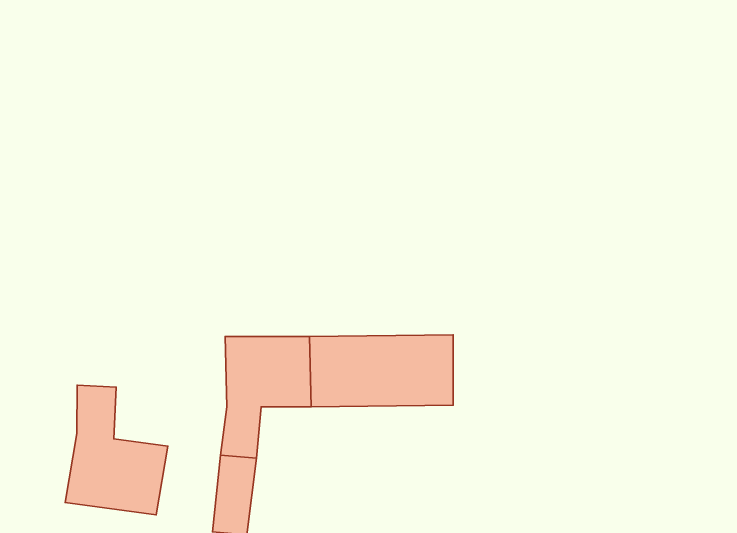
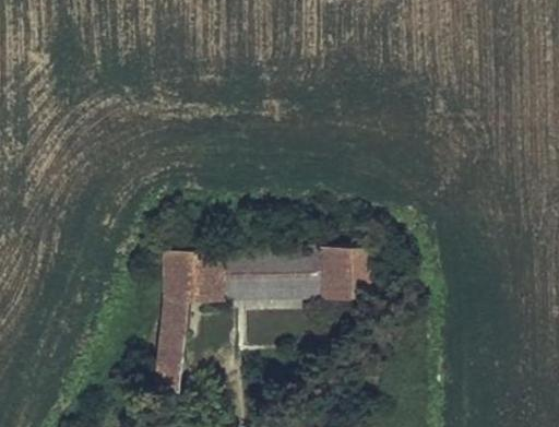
building: none -> [321,251,378,301]
building: [65,385,168,515] -> none

